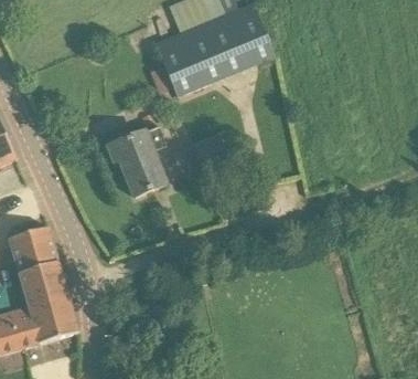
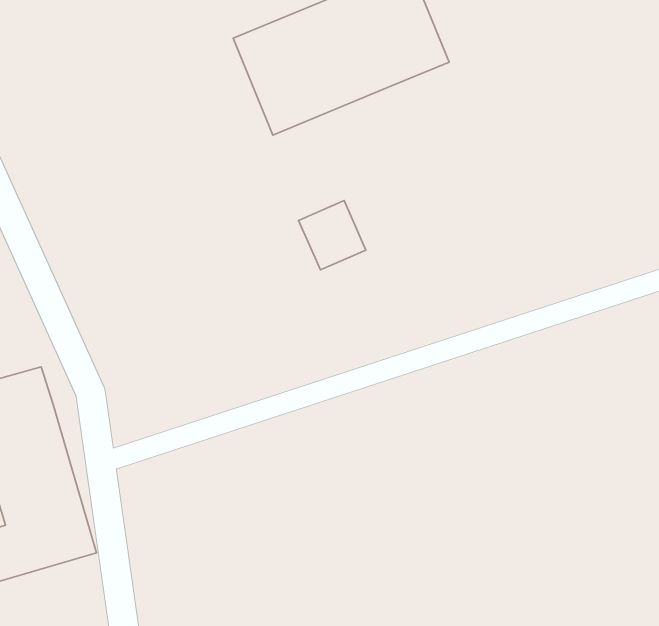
building: [109,126,170,194] -> none

